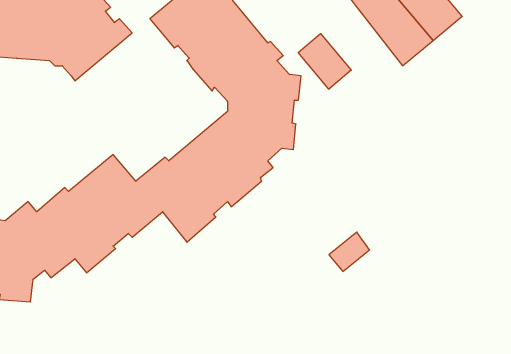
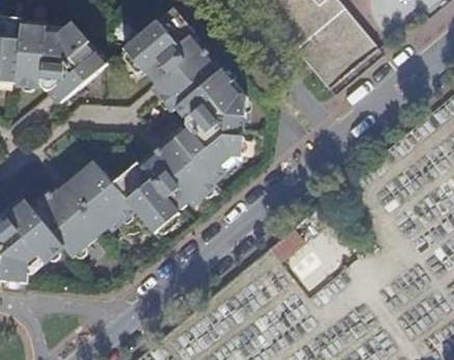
building: [298,34,351,89] -> none

